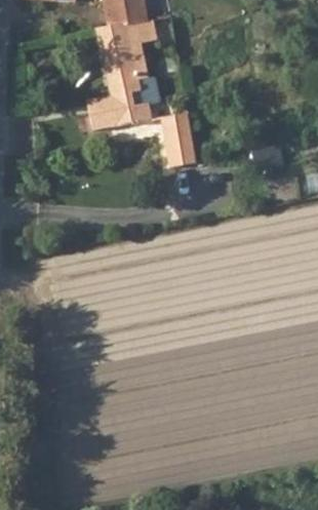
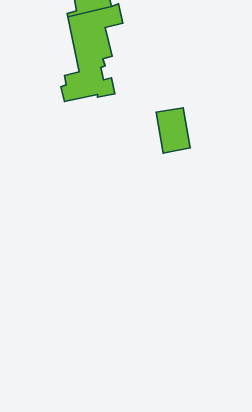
building: [158,115,198,168] -> [156,108,190,153]

